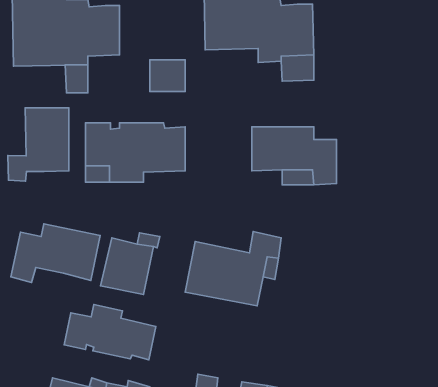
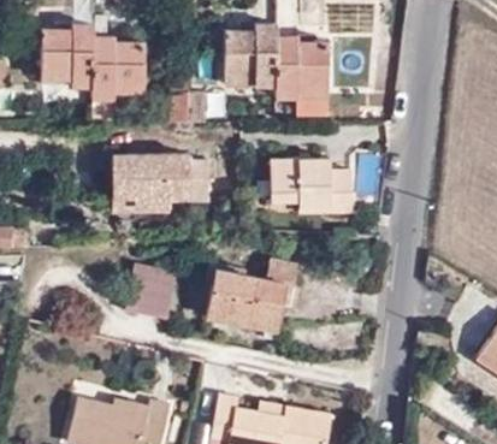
building: [8,108,69,181] -> none
building: [11,224,100,283] -> none
building: [64,305,156,360] -> none

